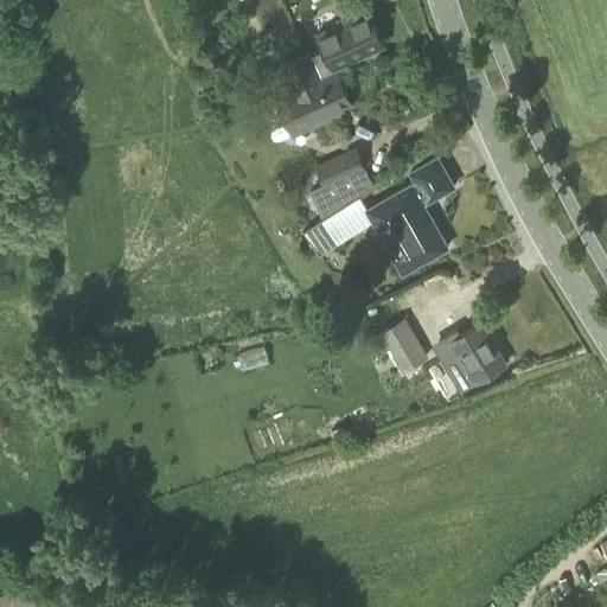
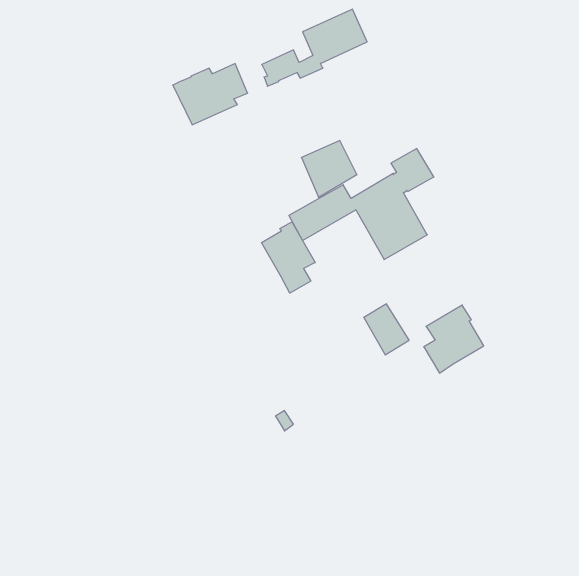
building: [273,75,351,139] -> [173,64,248,125]
building: none -> [262,222,315,293]

